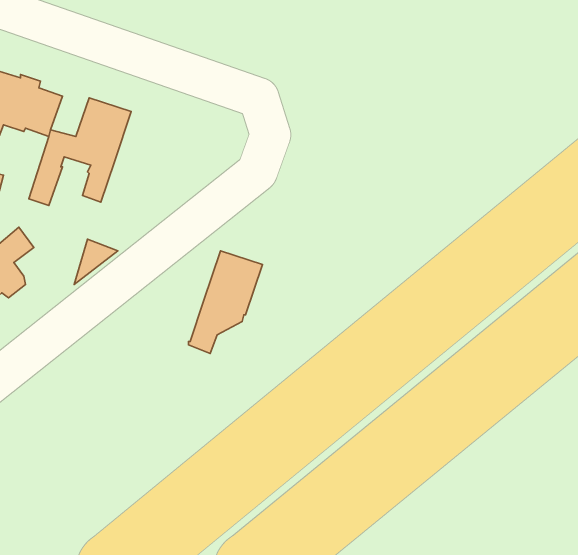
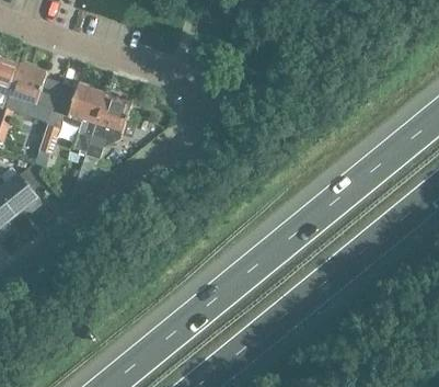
building: [188,251,262,353] -> [81,92,129,159]

